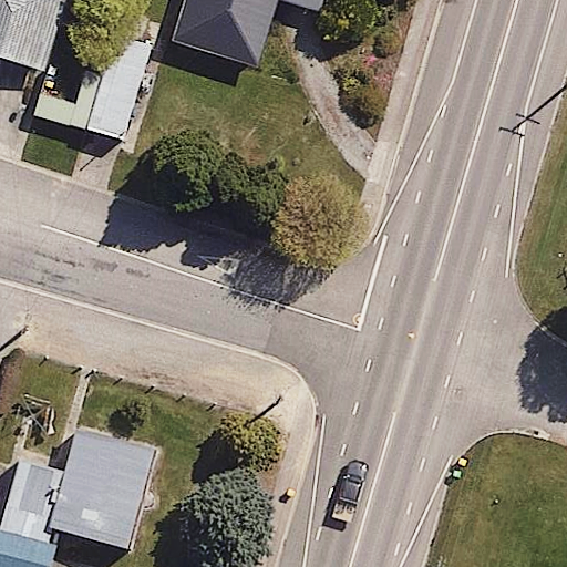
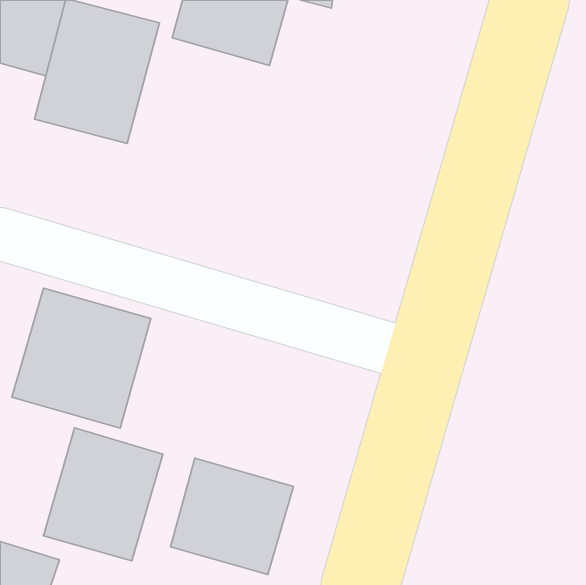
building: none -> [12,288,151,428]
building: none -> [170,458,293,575]

